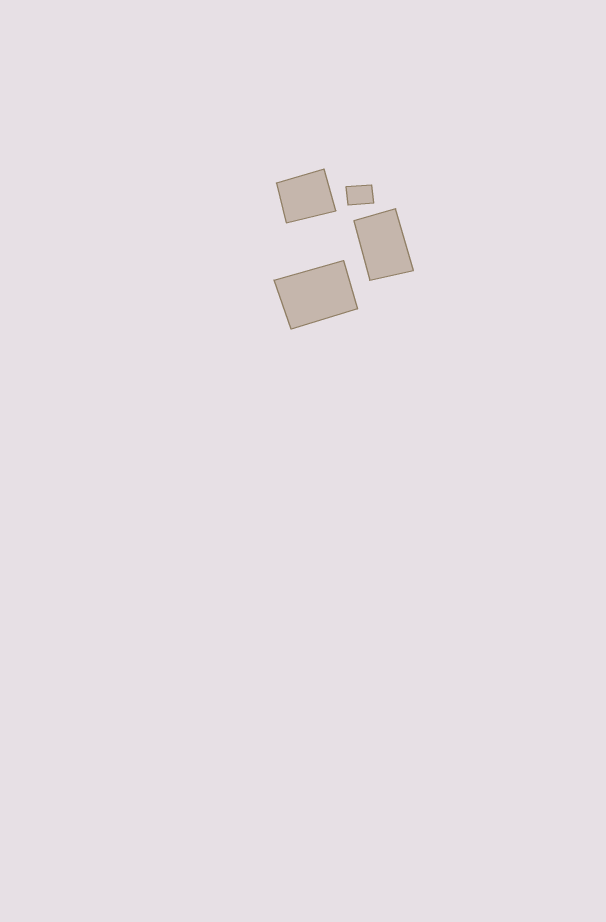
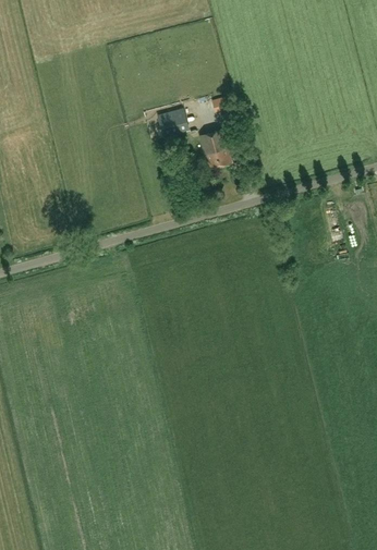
building: [274,261,357,329] -> none

